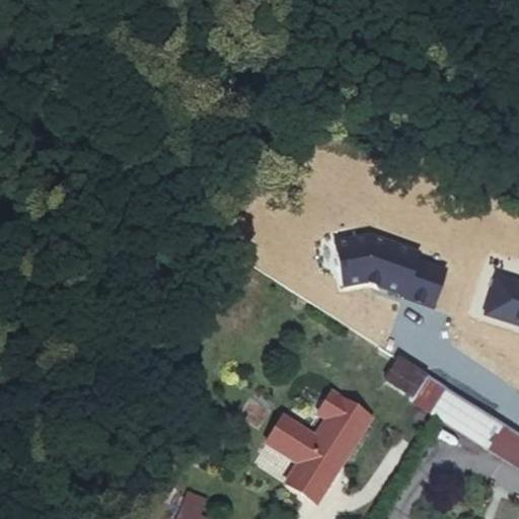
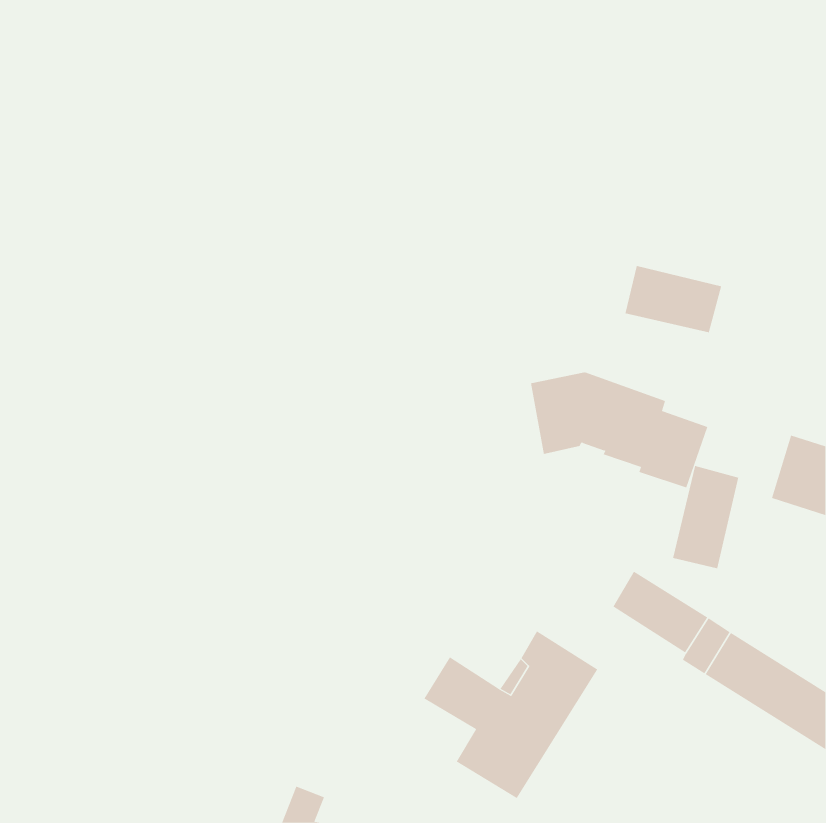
building: none -> [625,265,722,333]
building: none -> [672,465,739,569]

